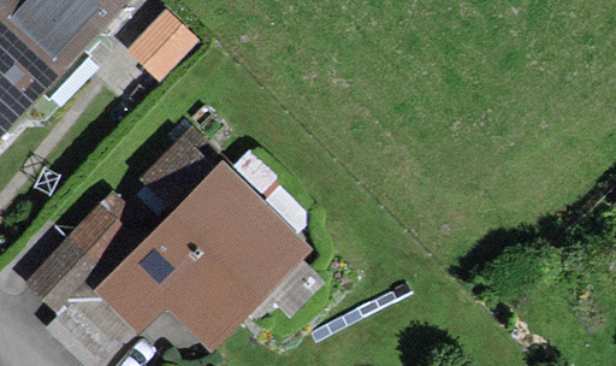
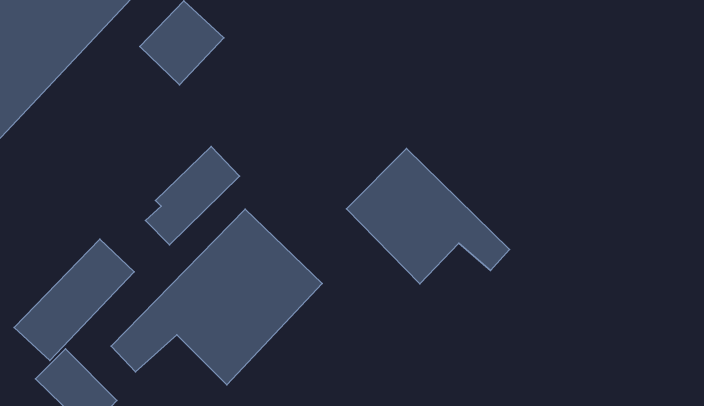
building: none -> [346,149,509,284]

